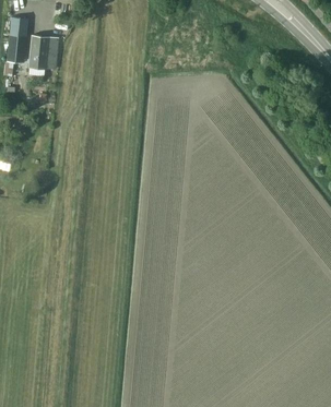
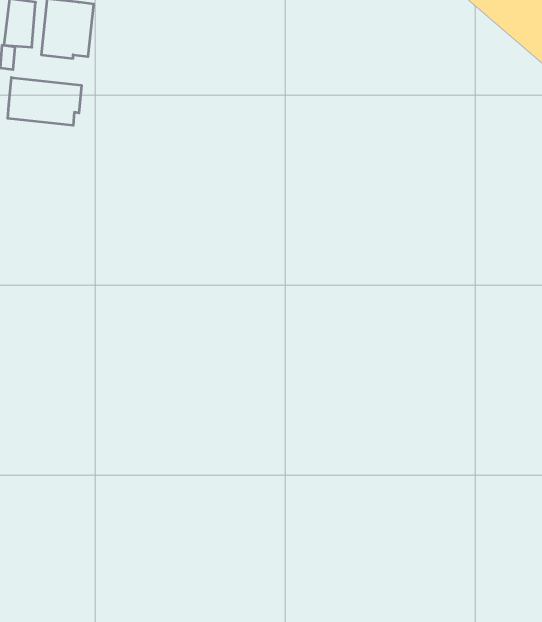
building: none -> [8,77,81,125]

